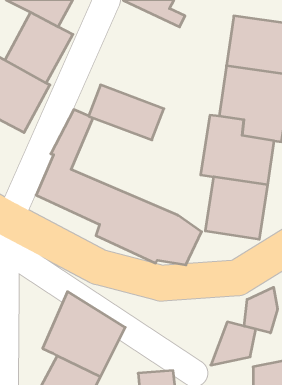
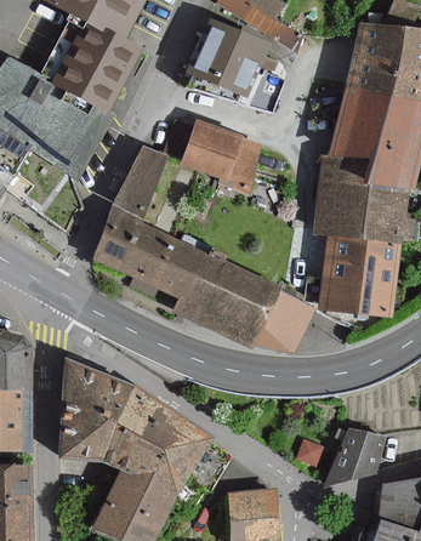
building: none -> [189,19,267,97]
building: none -> [61,358,133,461]
building: [244,287,277,333] -> none

